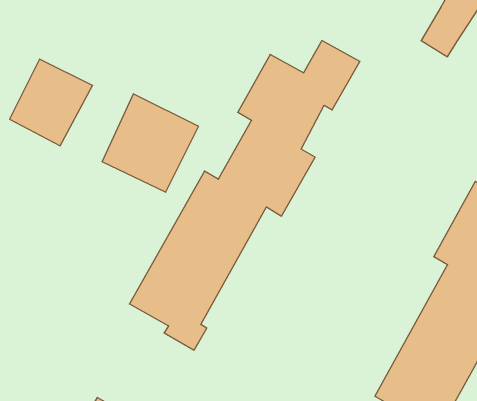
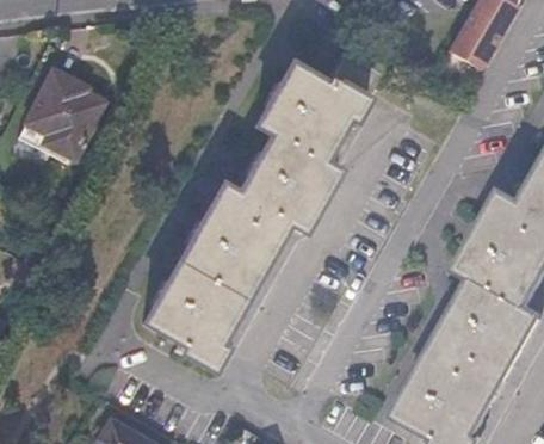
building: [102,94,198,192] -> none

